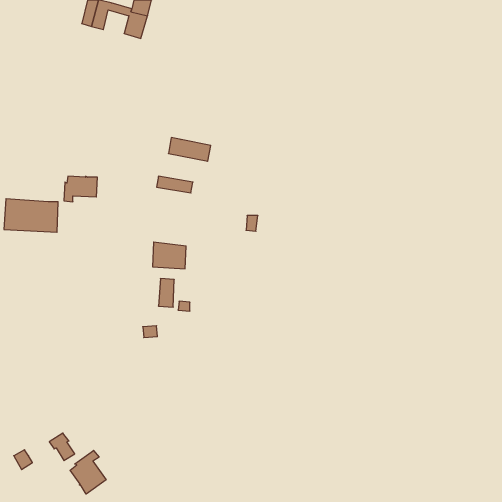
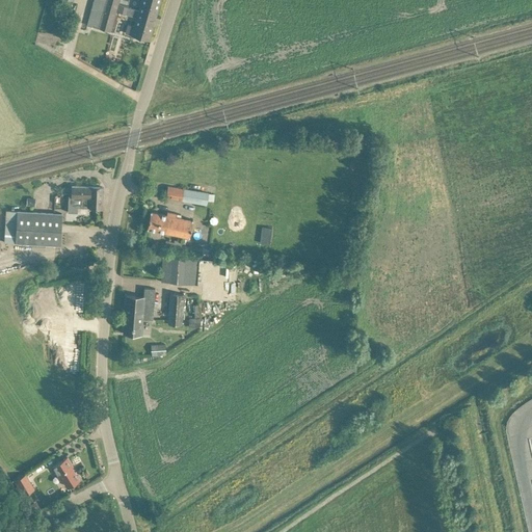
building: [168,138,211,161] -> [149,213,193,238]
building: none -> [125,289,156,336]
building: [70,450,106,494] -> none

